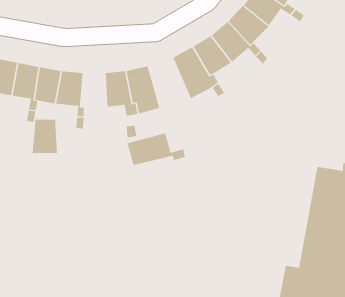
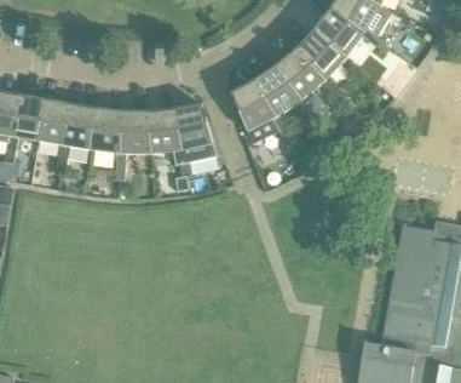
building: [32,119,58,153] -> [121,112,152,153]
building: [127,132,185,166] -> none

